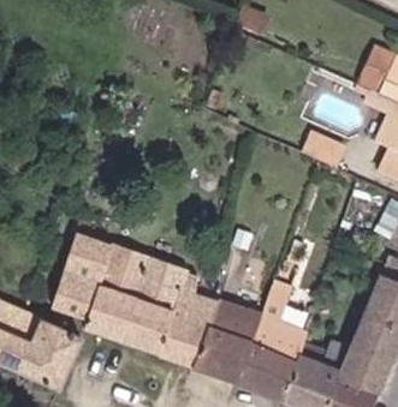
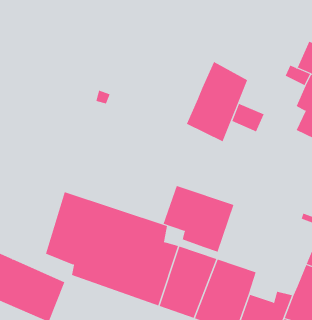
building: none -> [186,61,248,142]
building: none -> [163,185,234,252]

